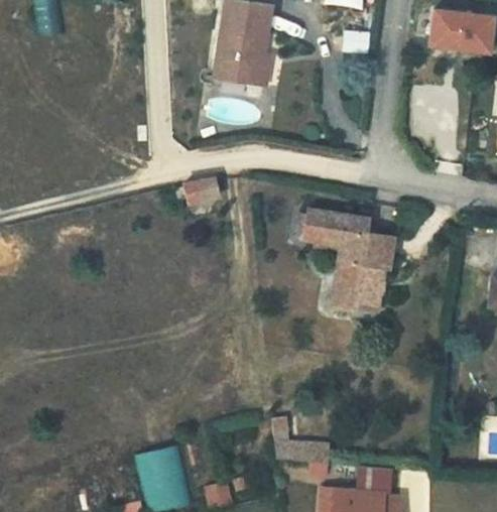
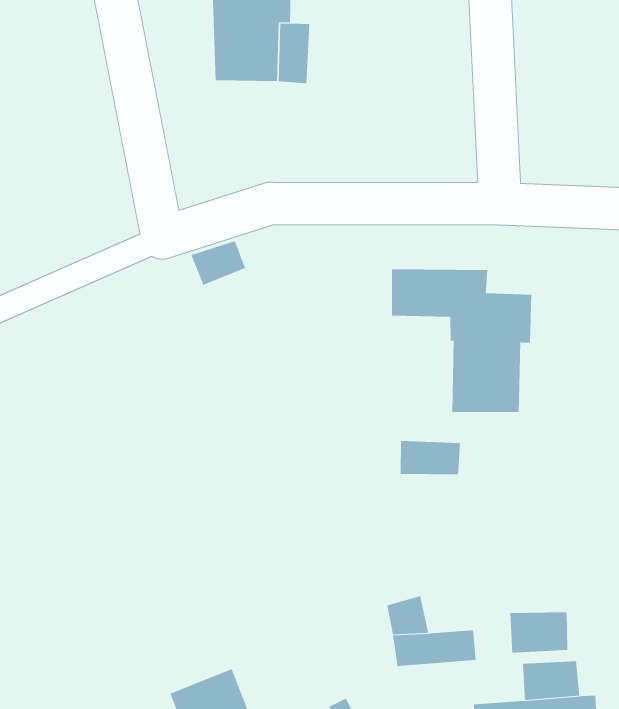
building: none -> [400,440,461,475]
building: none -> [510,611,568,653]

